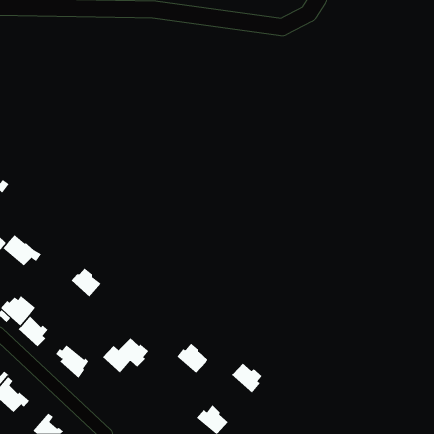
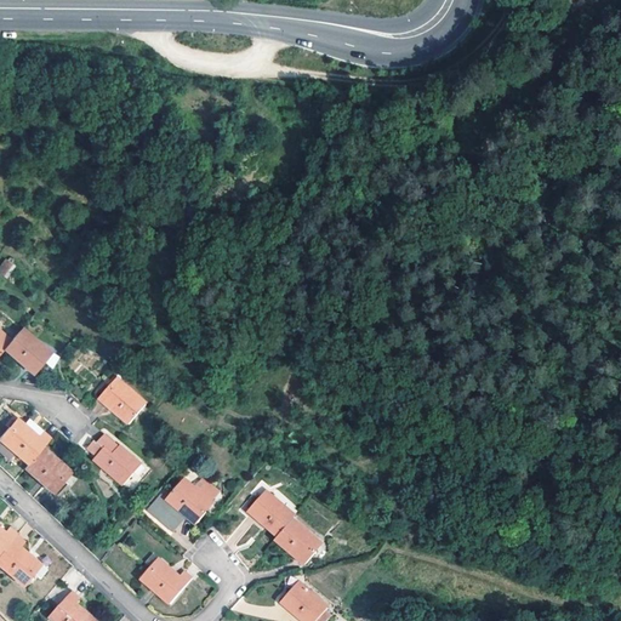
building: [55,345,89,379] -> [90,434,138,483]
building: [231,363,262,393] -> [277,515,321,559]
building: none -> [141,552,192,603]

